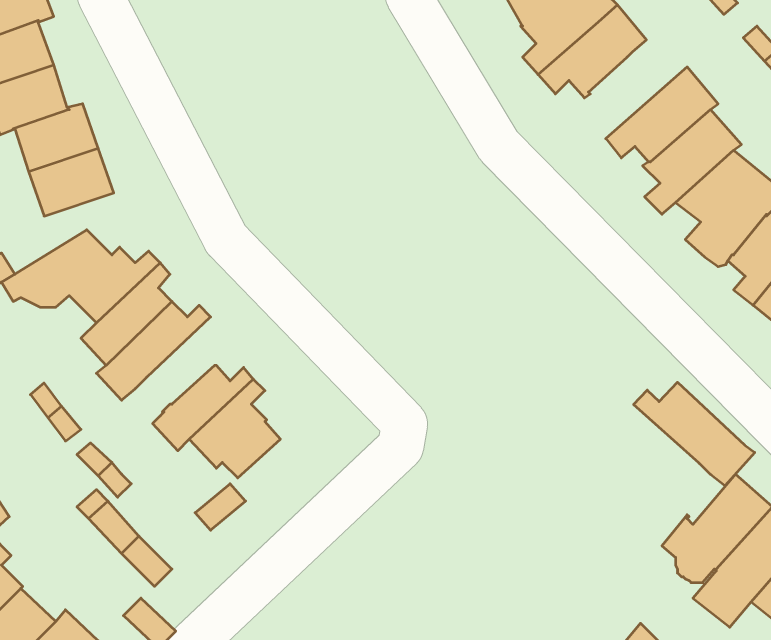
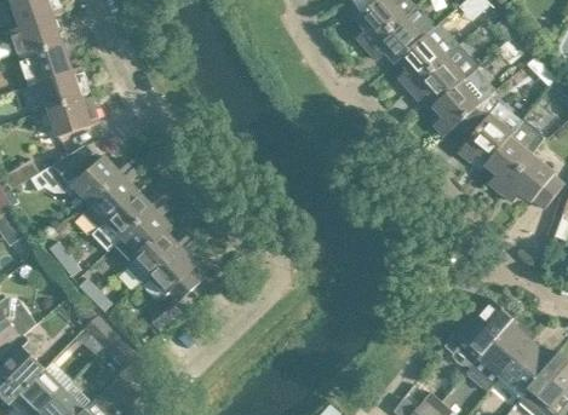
building: none -> [396,21,458,87]
building: none -> [113,198,168,260]
building: [634,382,755,486] -> none

